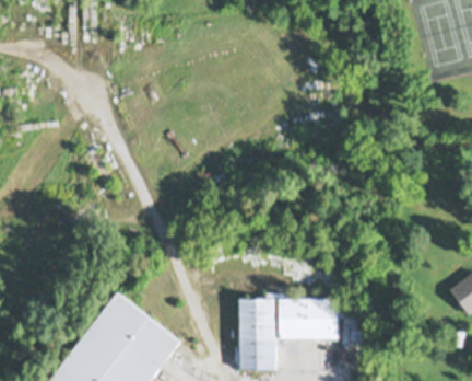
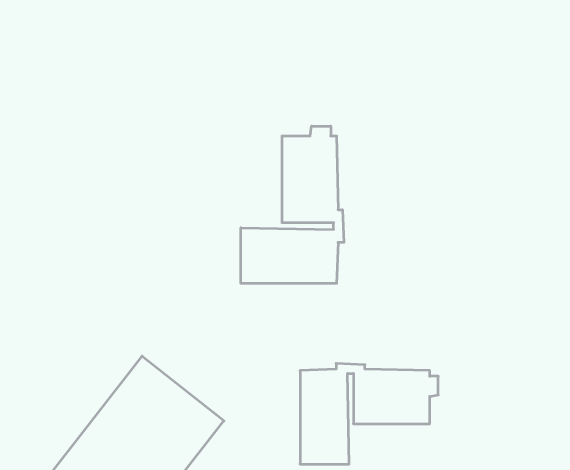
building: none -> [241,126,344,283]

